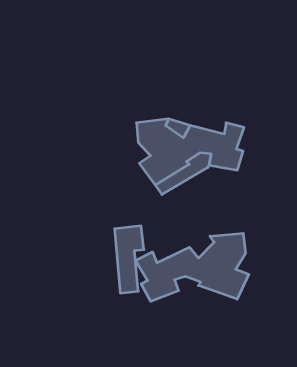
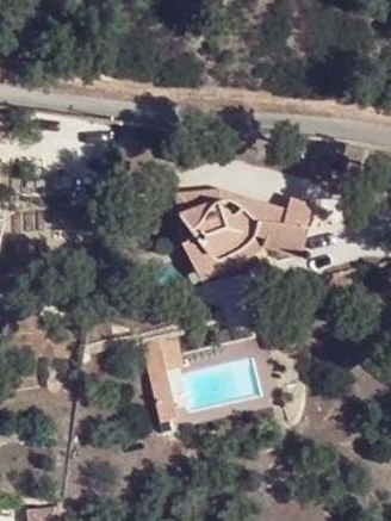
building: [135,233,249,301] -> none

